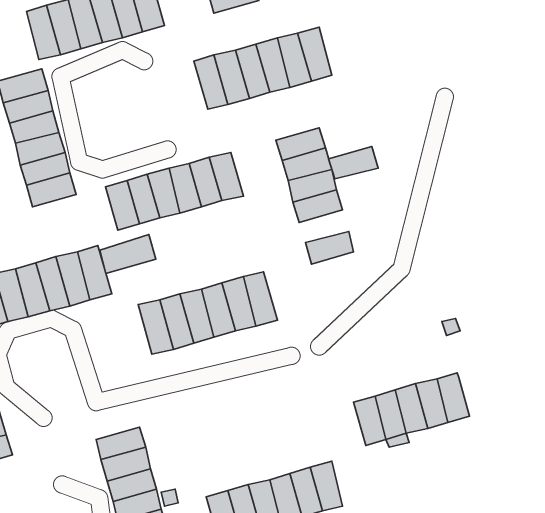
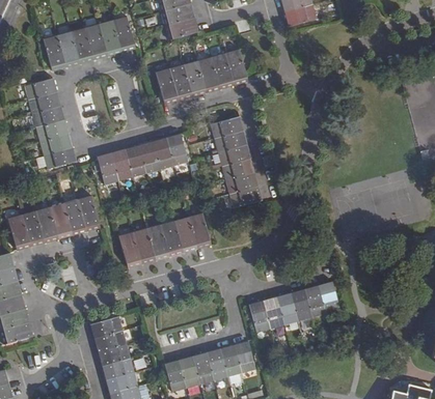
building: [329,146,378,179] -> [226,171,260,193]
building: [100,234,156,273] -> none
building: none -> [249,300,271,332]

